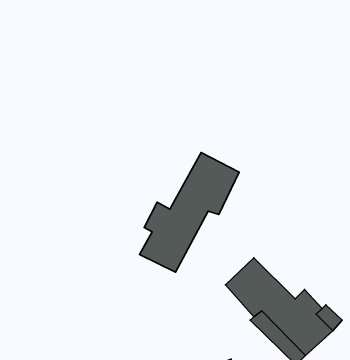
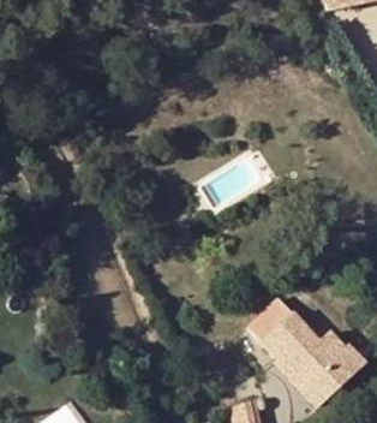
building: [140,152,239,272] -> none

